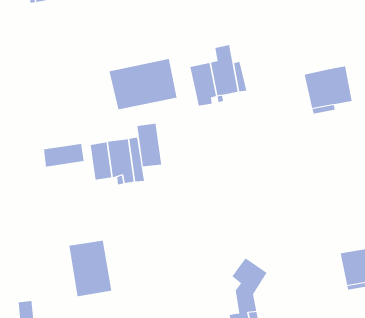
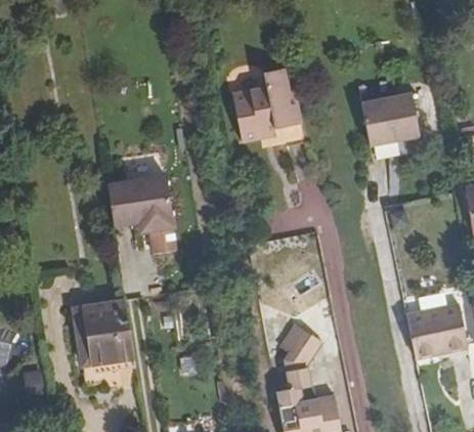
building: [109,58,177,110] -> none
building: [137,123,162,167] -> none
building: [44,143,84,167] -> none

